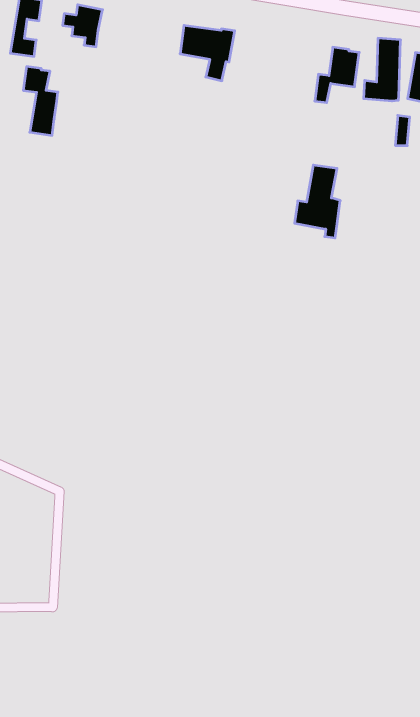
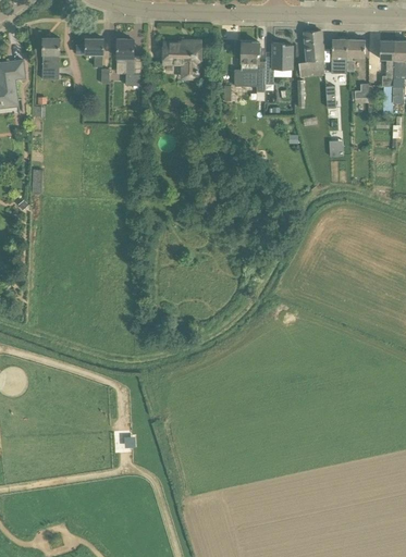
building: [23,67,58,135] -> [116,38,142,85]
building: [295,165,340,238] -> [234,41,264,91]

